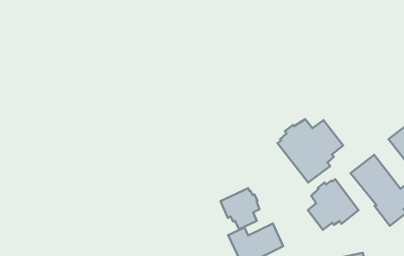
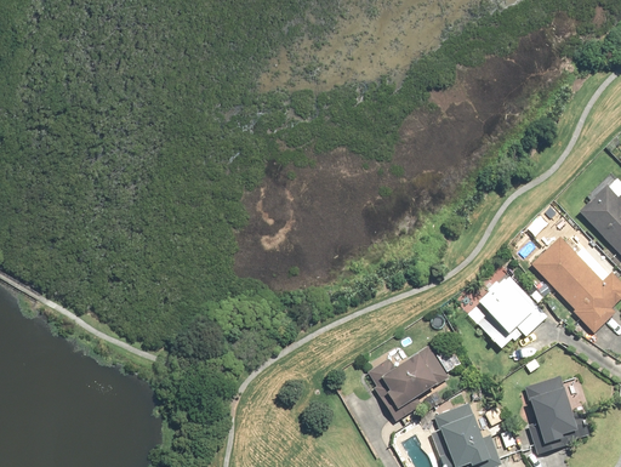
building: [278,119,343,182] -> none
building: [221,188,260,229] -> none

